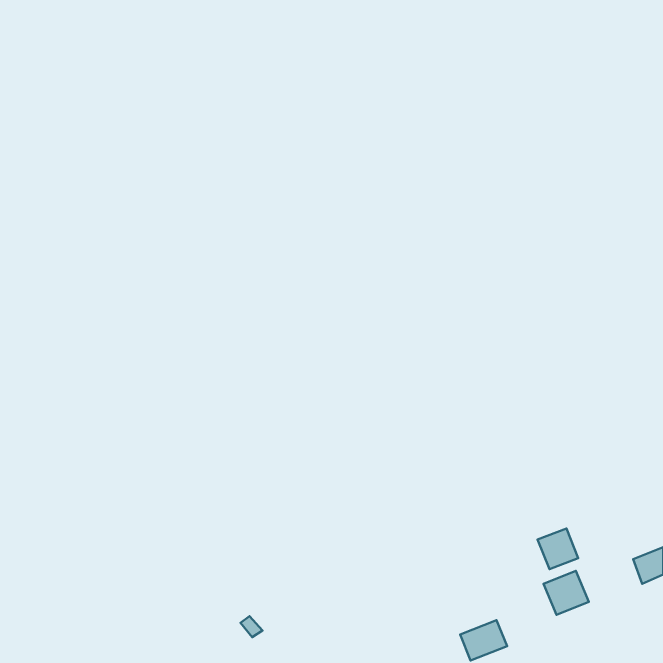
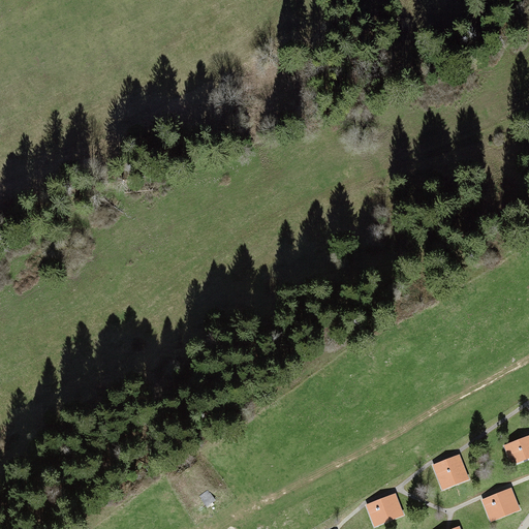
building: [538,529,578,569] -> none
building: none -> [481,487,520,521]

